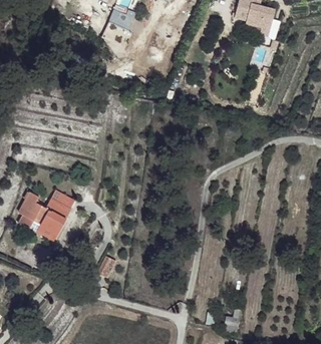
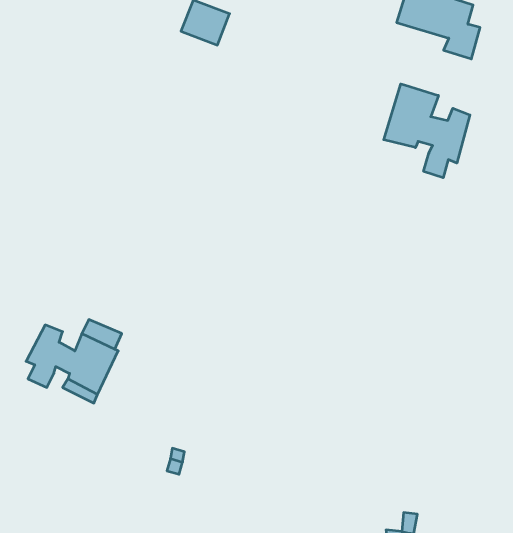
building: none -> [384,84,470,178]

